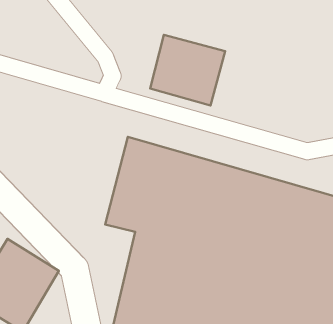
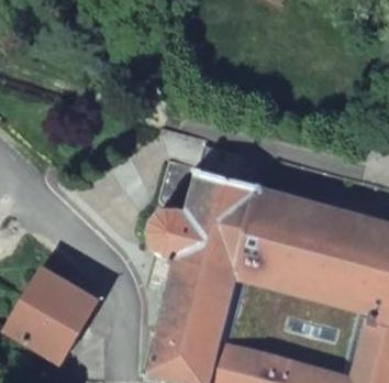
building: [150,35,225,105] -> none

